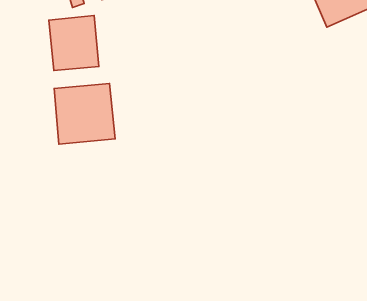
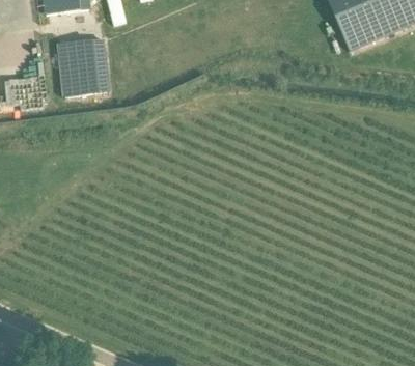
building: [54,83,115,144] -> none

